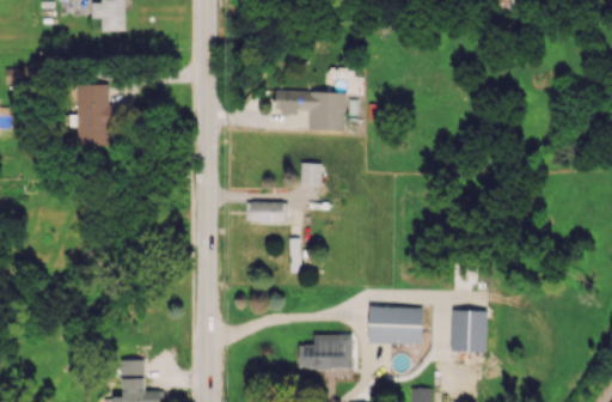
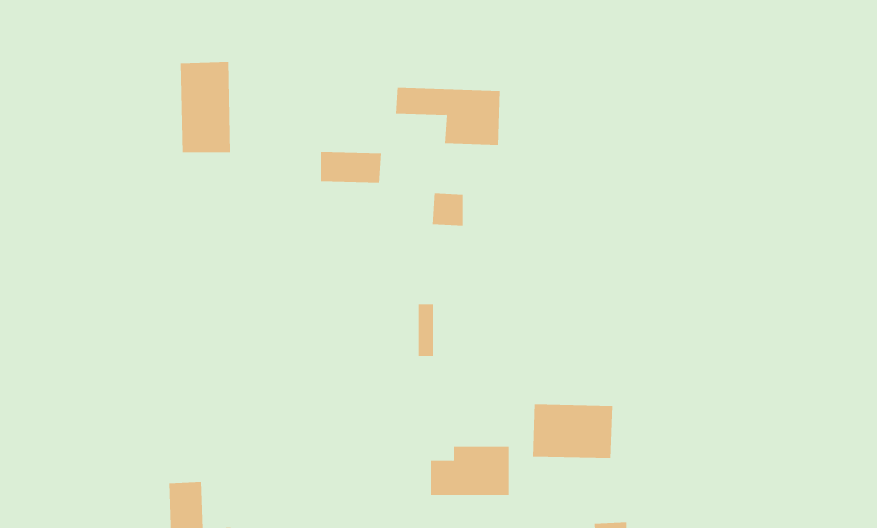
building: [76,84,111,146] -> [180,61,231,153]
building: [246,201,288,223] -> [320,151,382,183]
building: [451,310,488,352] -> none

